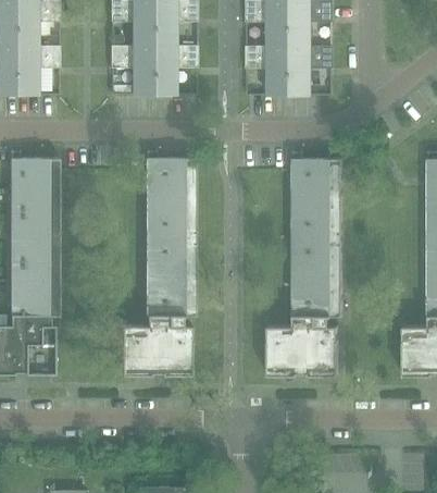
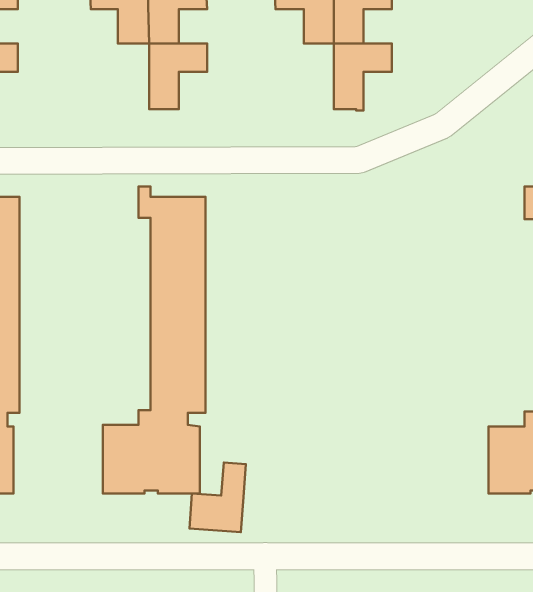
building: [109,46,151,95] -> none
building: [244,46,286,94] -> none
building: [264,150,339,374] -> none
building: none -> [189,462,246,532]

